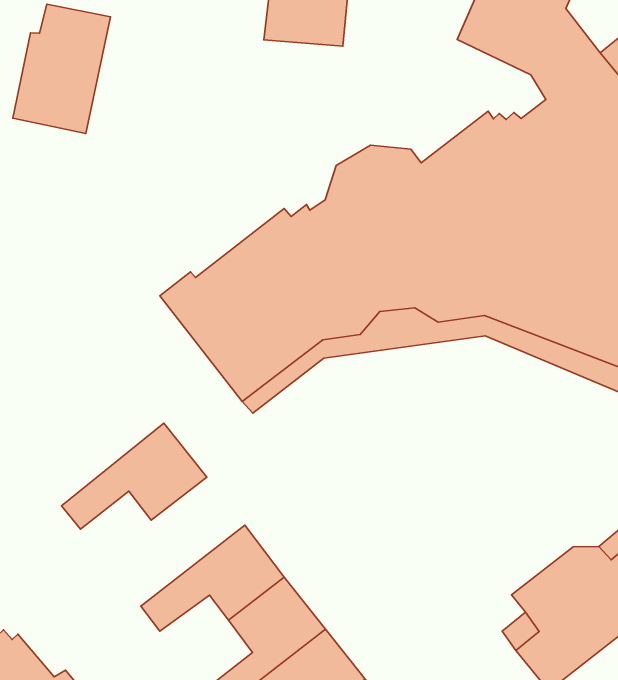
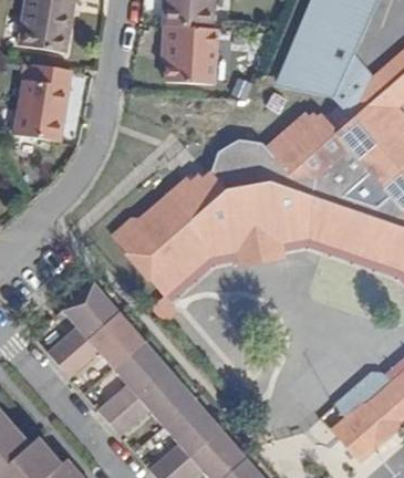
building: none -> [51,285,120,365]
building: none -> [102,343,172,423]

